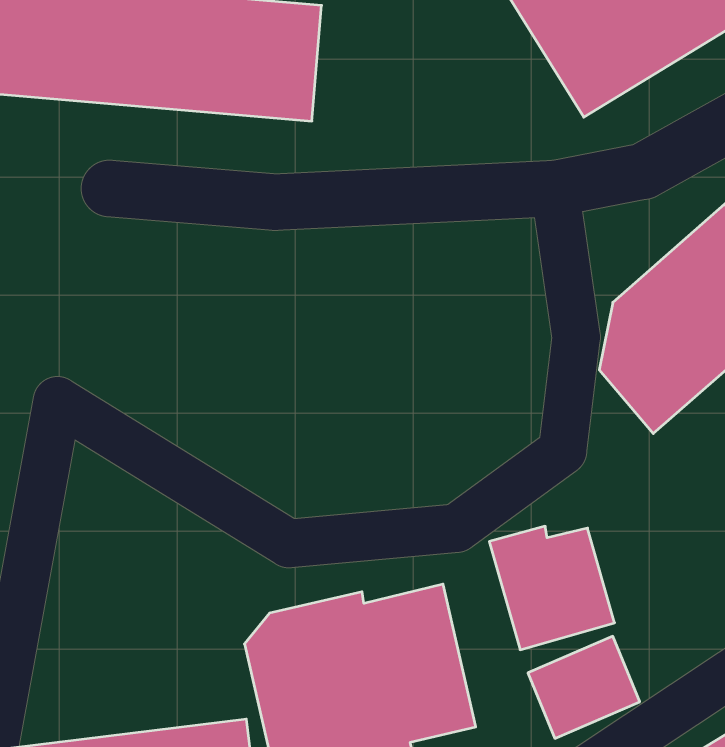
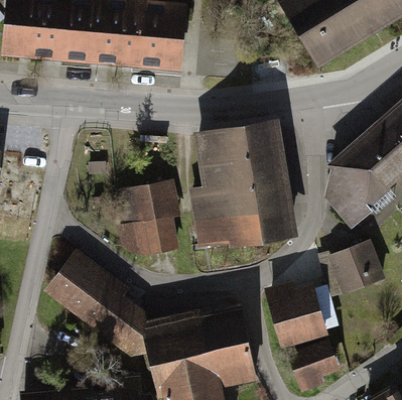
building: none -> [188,125,285,245]
building: none -> [113,177,180,258]
building: none -> [329,247,383,298]
building: none -> [42,254,153,361]

